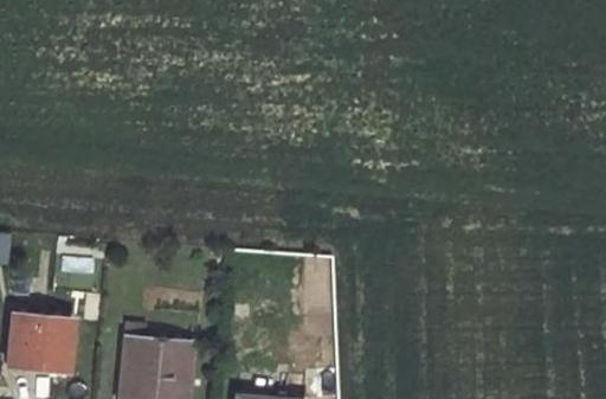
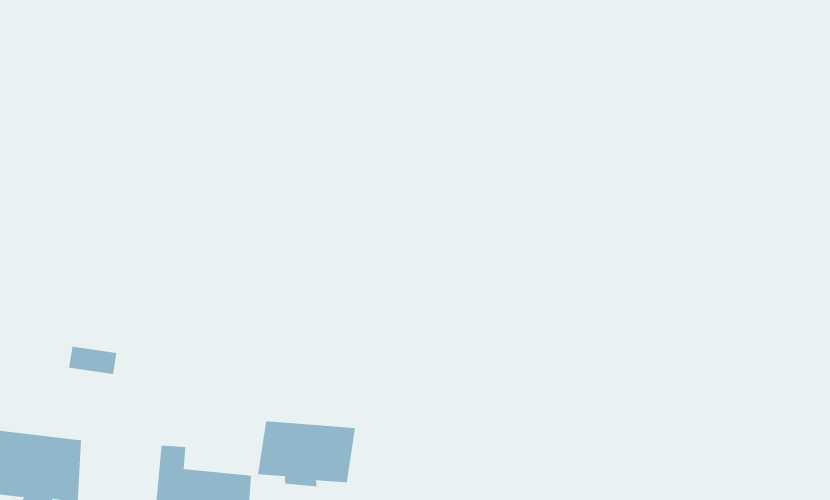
building: none -> [258,421,356,487]

